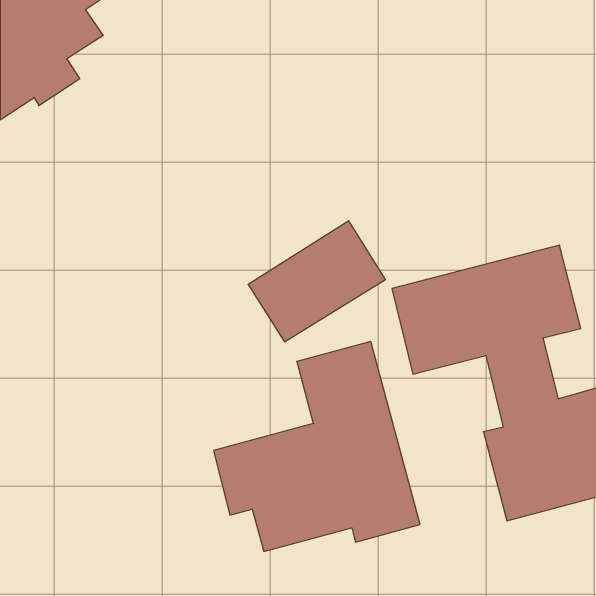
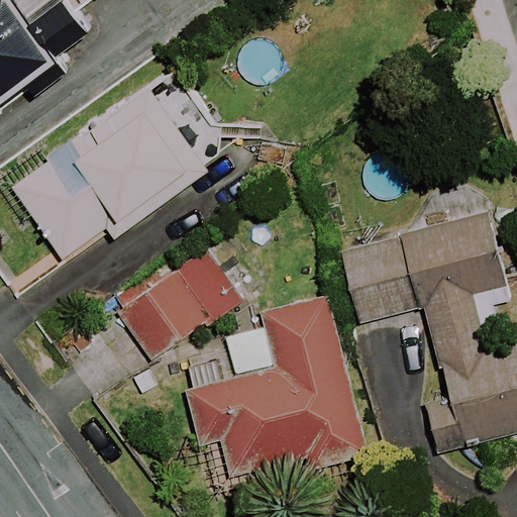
building: none -> [11,74,213,262]
building: [248,221,385,342] -> [116,253,234,357]

